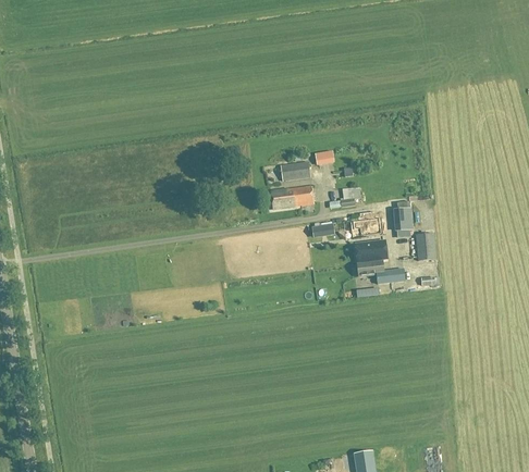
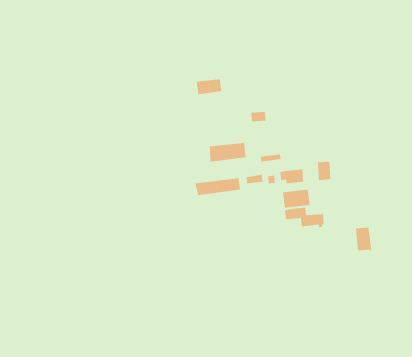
building: [279,162,309,181] -> [196,79,222,95]
building: none -> [195,178,240,196]
building: [415,233,434,260] -> [355,227,372,251]

